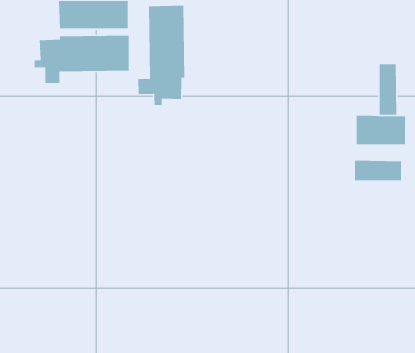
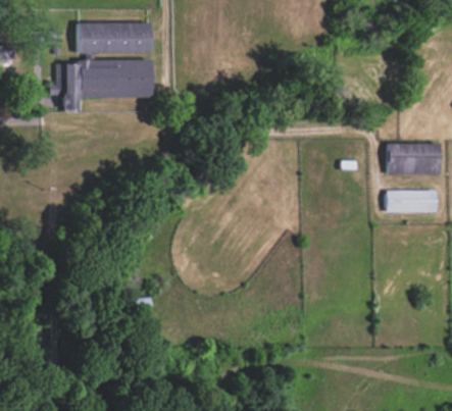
building: [137,5,185,106] -> none
building: [379,64,397,115] -> none

